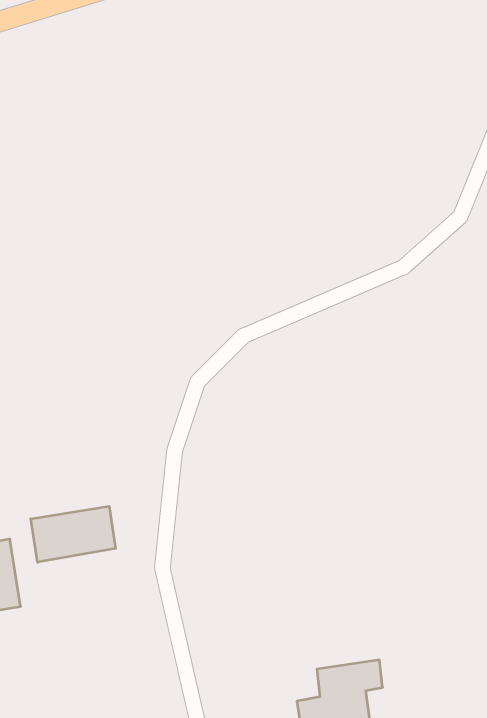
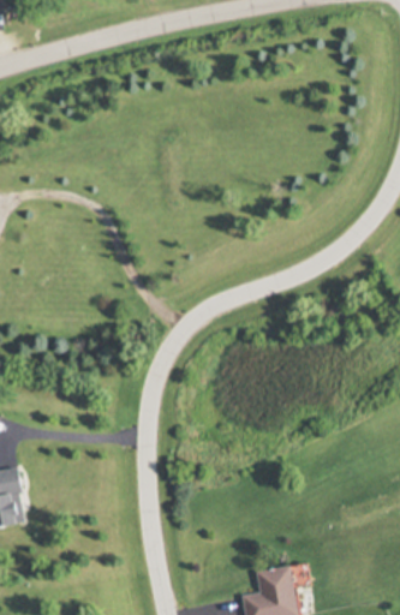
building: [31,506,116,562] -> none

